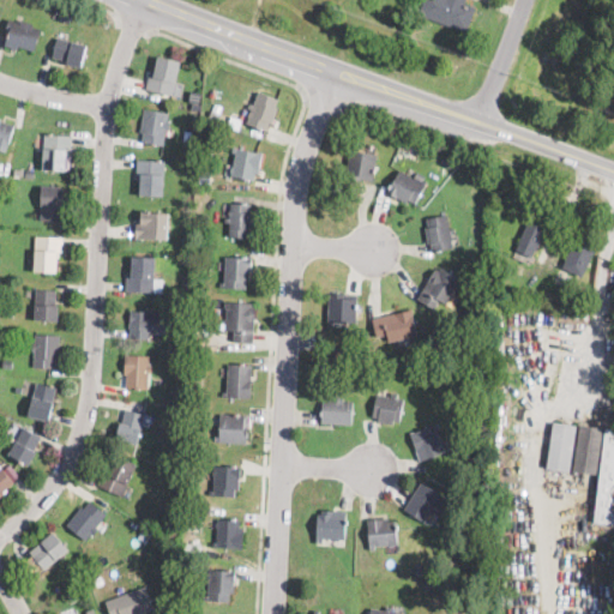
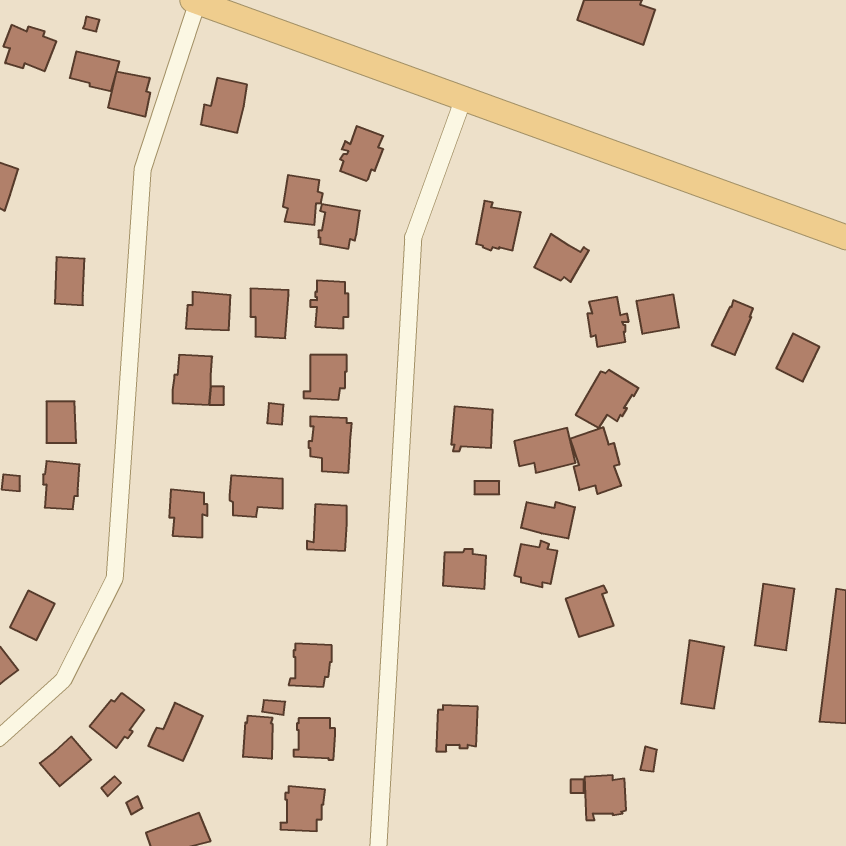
building: none -> [108,72,150,117]
building: [139,110,168,146] -> [283,175,323,225]
building: [41,136,71,171] -> none
building: [136,161,163,197] -> [250,289,289,338]
building: none -> [637,294,679,334]
building: [32,237,61,273] -> none
building: none -> [570,427,621,494]
building: [127,311,165,341] -> [230,475,283,517]
building: none -> [521,502,575,539]
building: [26,384,54,421] -> none
building: [115,410,143,445] -> none
building: [215,415,247,444] -> none
building: [572,426,603,475] -> [681,640,724,708]
building: [96,456,136,498] -> [148,703,203,761]
building: [403,482,447,525] -> none
building: none -> [243,716,272,759]
building: [367,519,397,552] -> [585,775,626,820]

